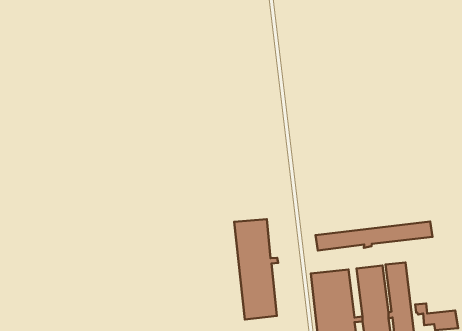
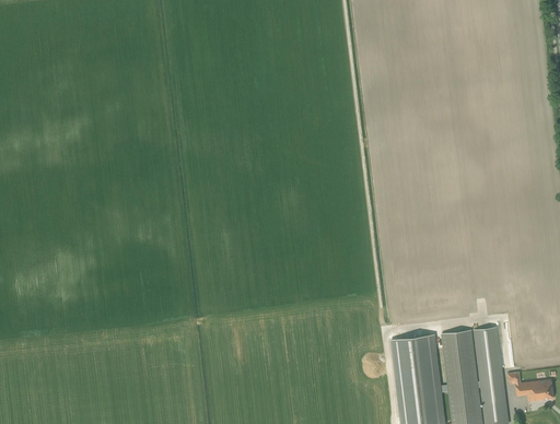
building: [234,219,278,320] -> none
building: [315,222,433,250] -> none

